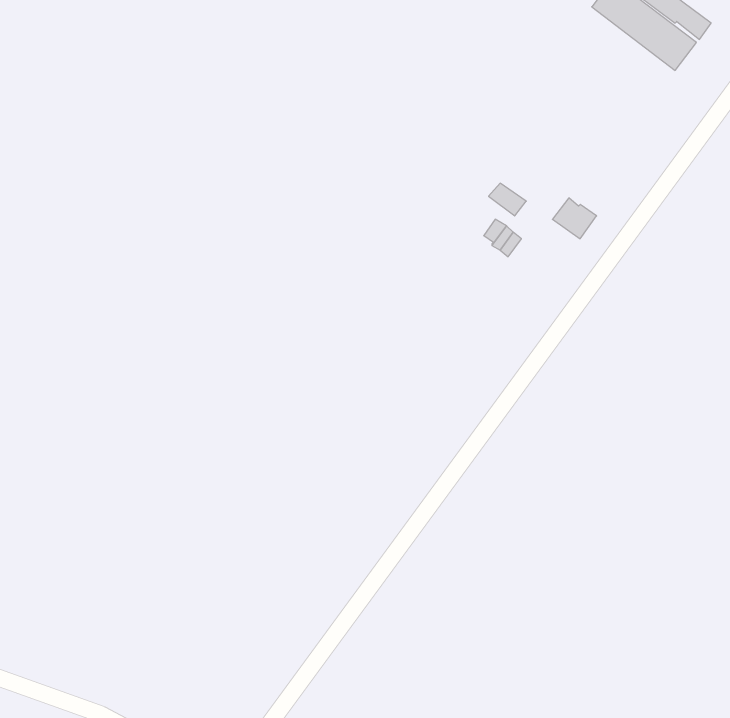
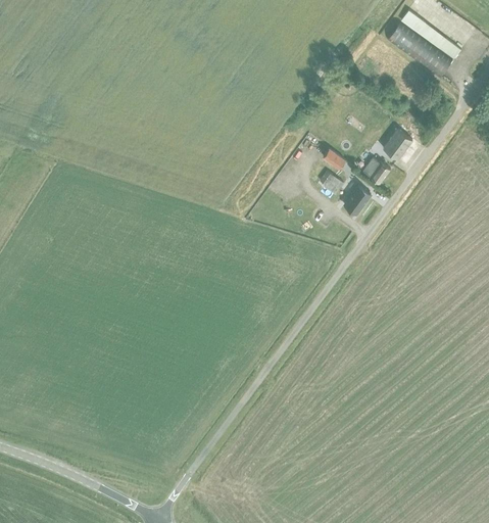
building: none -> [383,128,411,158]
building: none -> [344,185,371,213]

